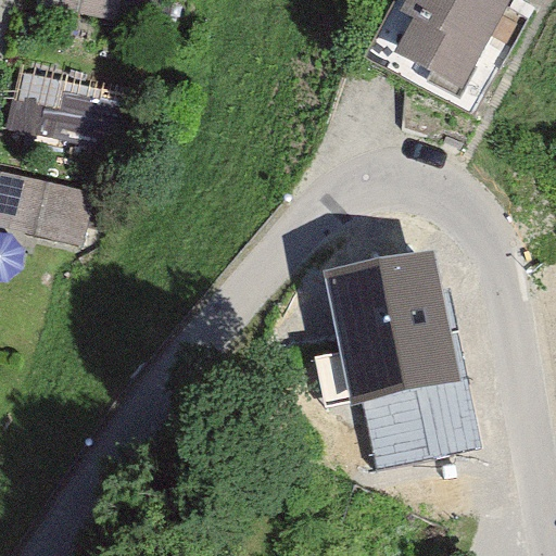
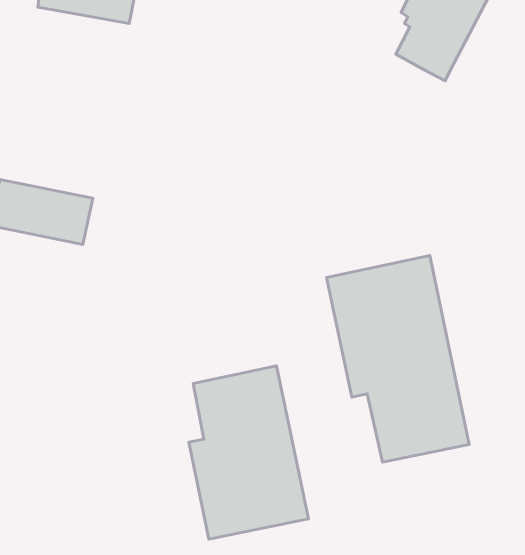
building: [17,70,110,130] -> none
building: none -> [189,366,309,539]

